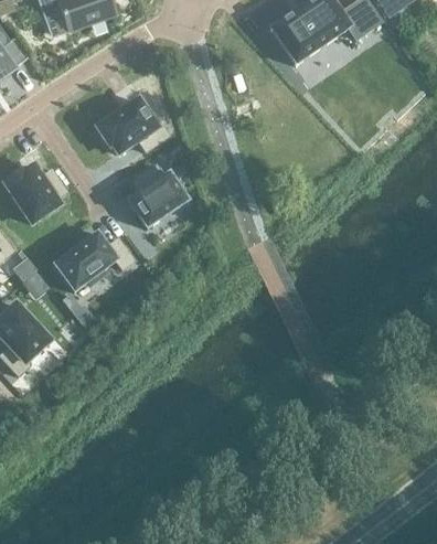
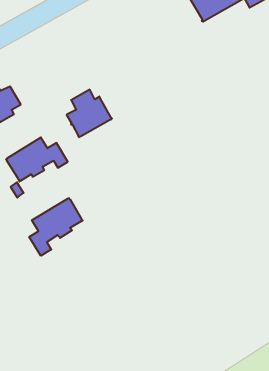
building: [96,98,168,151] -> none
building: none -> [29,198,83,256]

